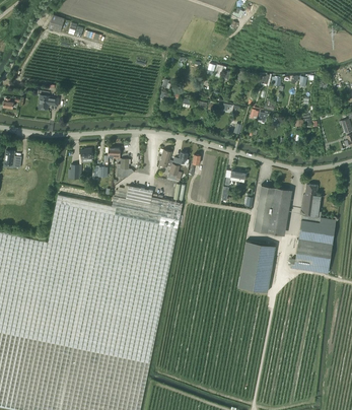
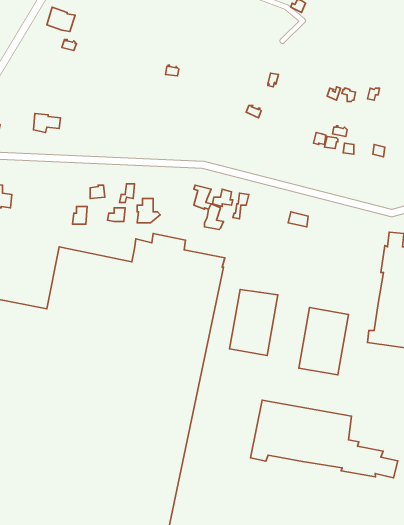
building: [254,186,290,235] -> [229,290,278,356]
building: none -> [251,400,398,478]

